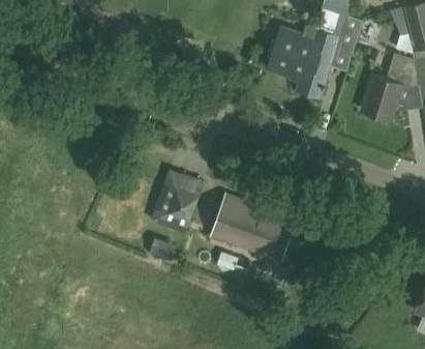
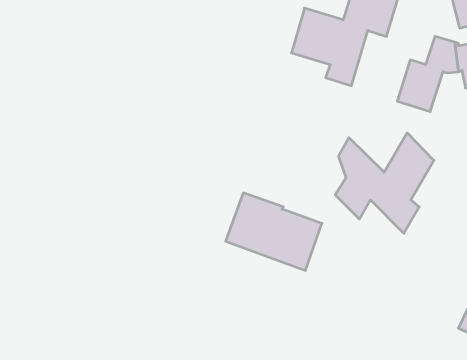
building: none -> [335,133,434,233]
building: [151,169,203,231] -> none

